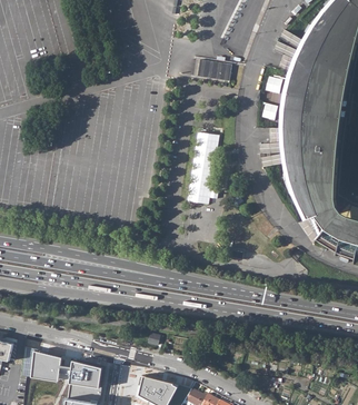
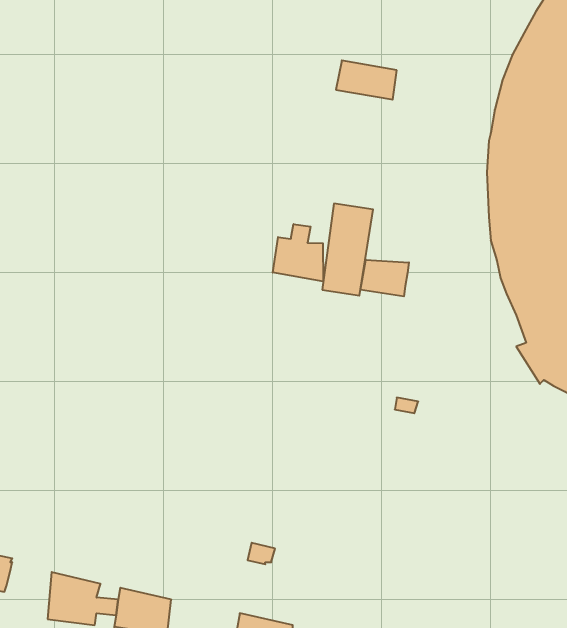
building: none -> [273,224,323,282]
building: none -> [360,260,409,296]

